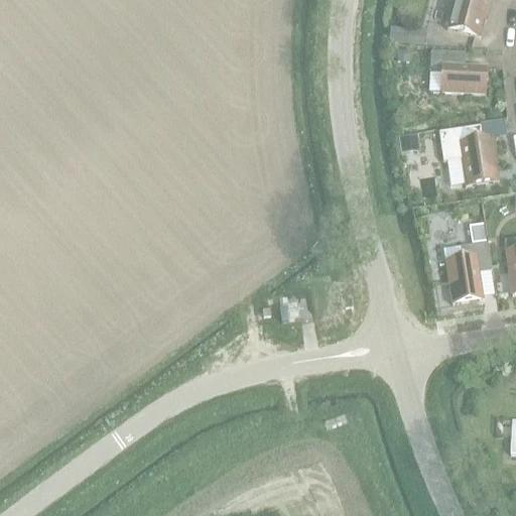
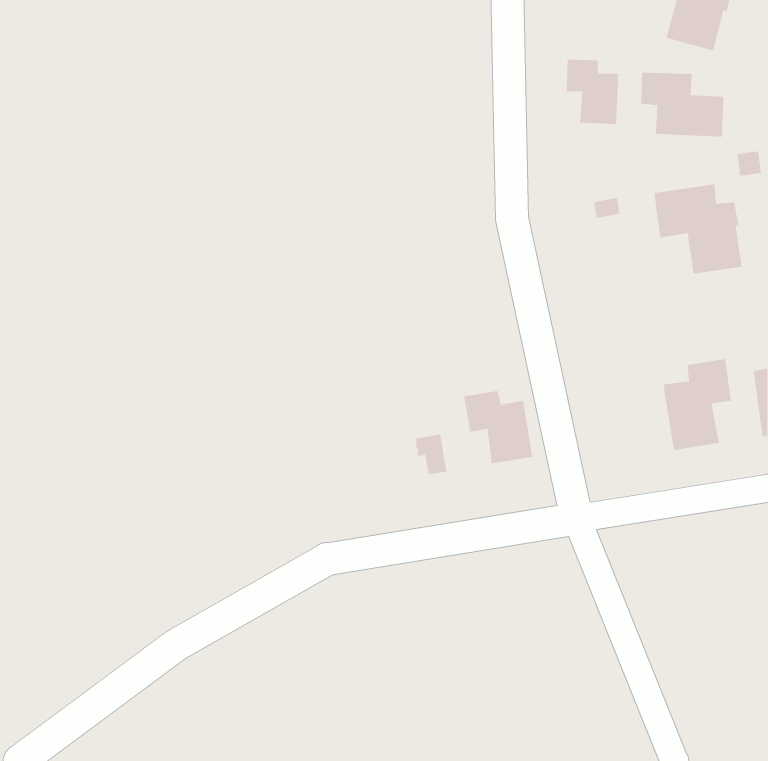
building: none -> [566,59,619,125]
building: none -> [463,390,533,464]

